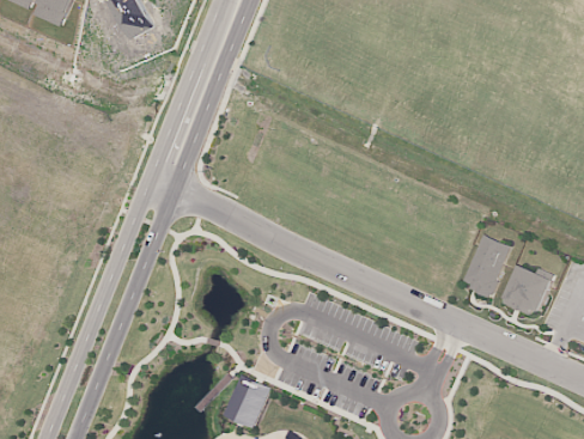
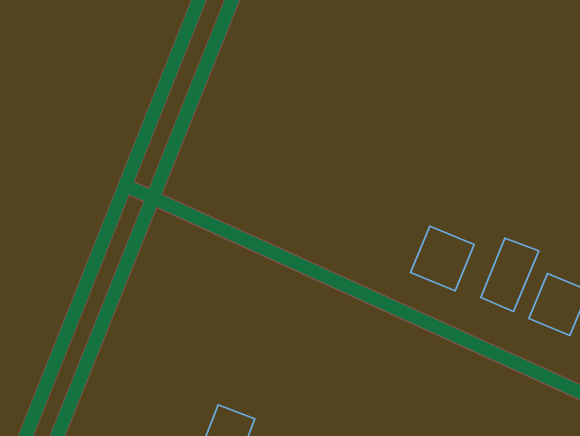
building: none -> [411,226,474,291]

